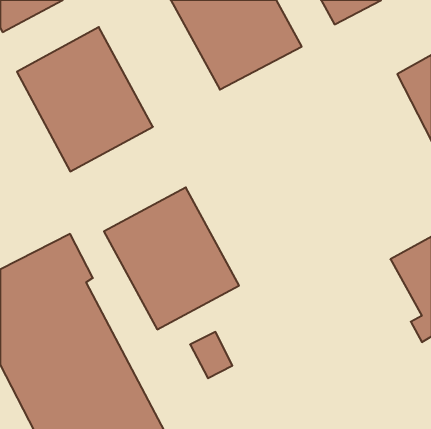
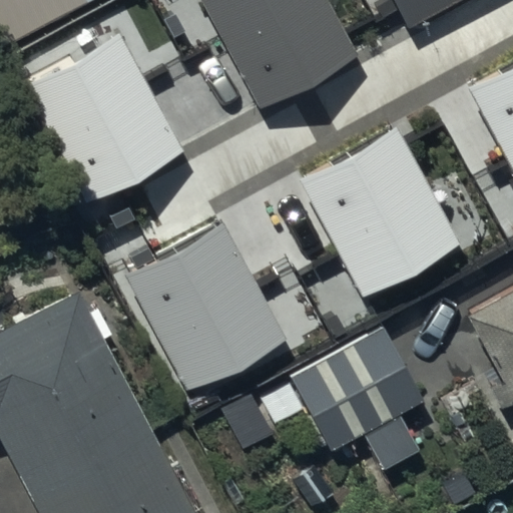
building: none -> [301,130,460,300]
building: none -> [294,330,426,454]

